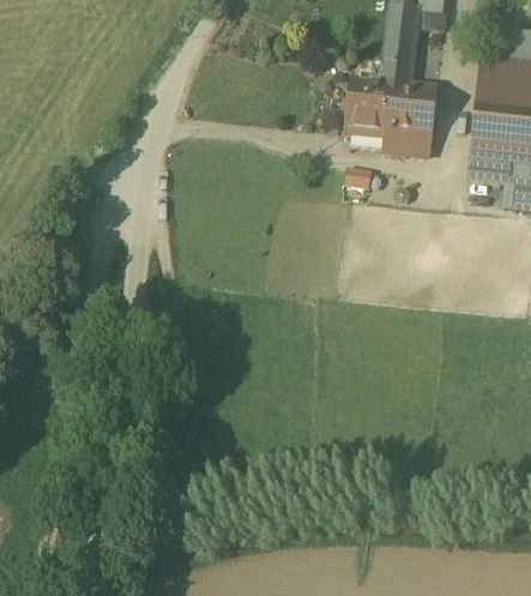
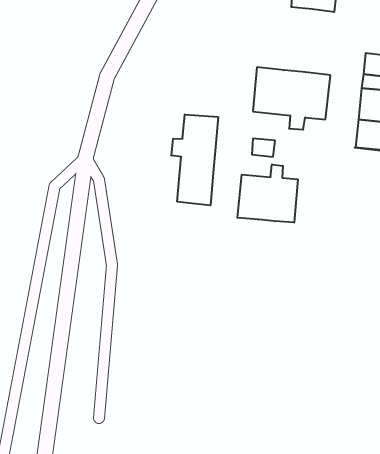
building: [382,10,416,88] -> none
building: none -> [171,114,218,205]
building: none -> [237,164,298,223]

